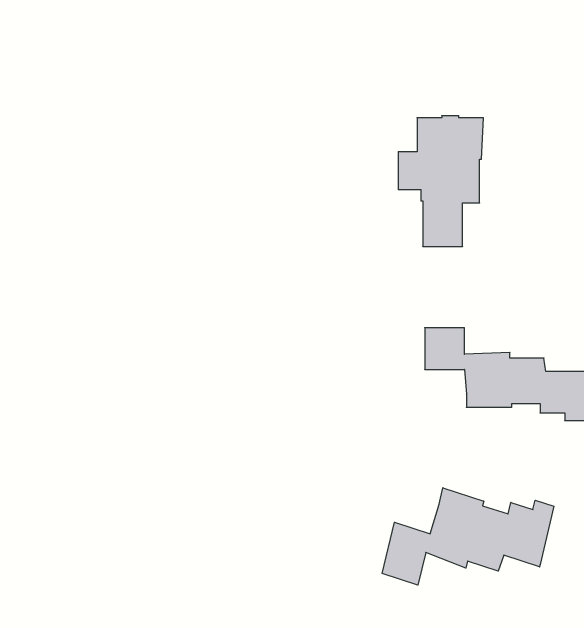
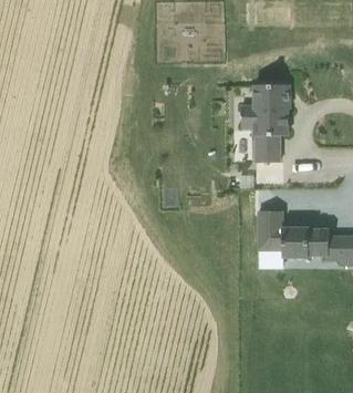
building: [382,488,554,585] -> none

